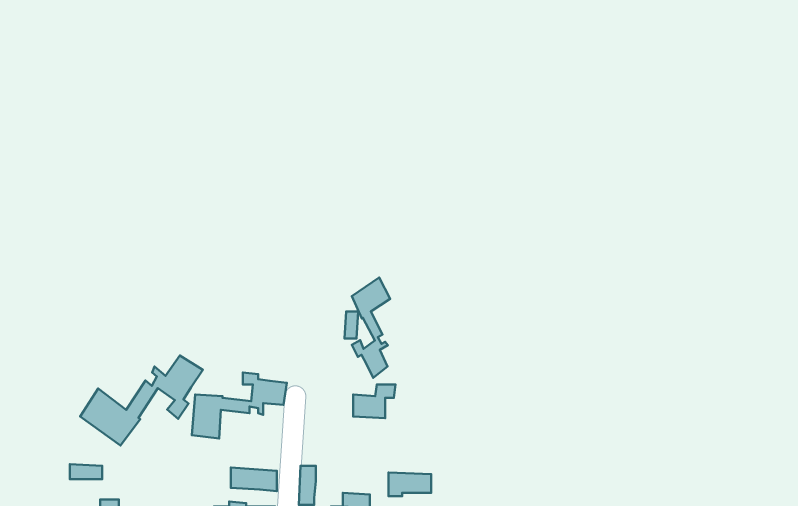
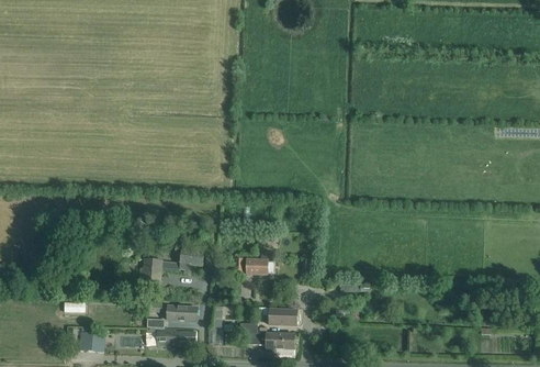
building: [352,277,390,378] -> none
building: [80,356,203,446] -> none

